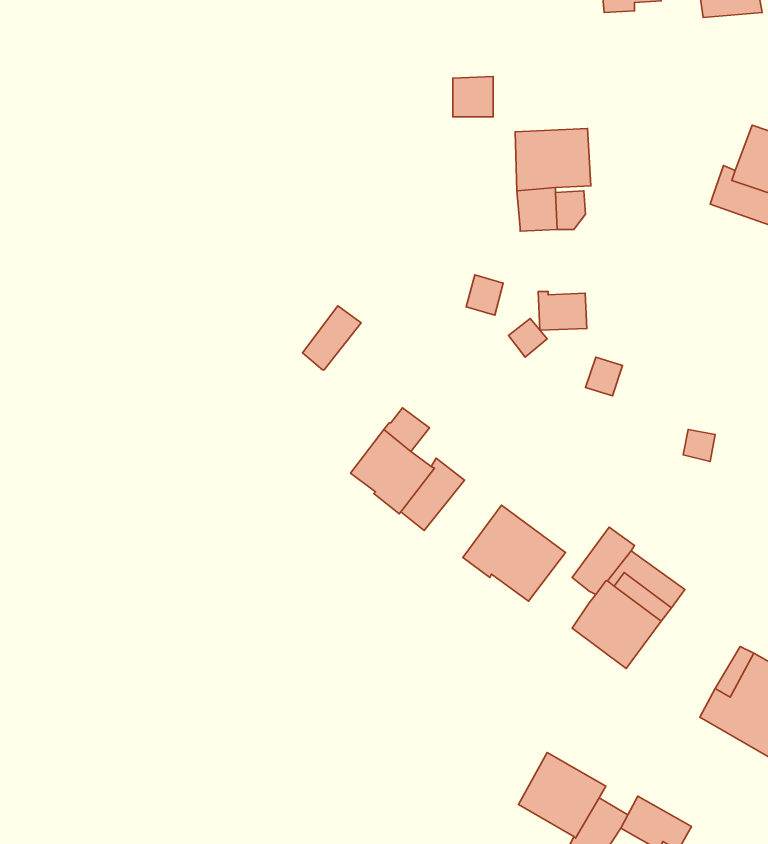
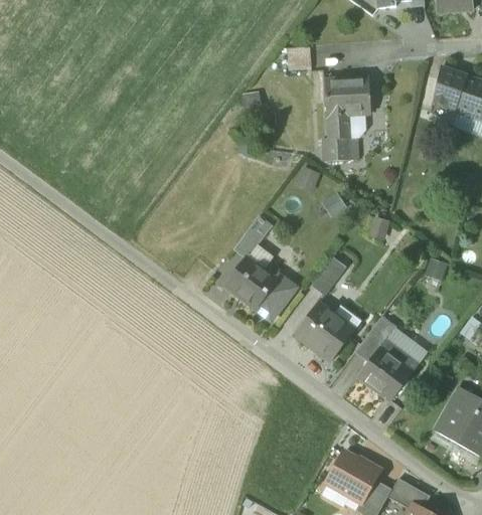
building: none -> [430,66,467,117]
building: [538,291,587,330] -> [322,137,351,160]
building: [302,306,361,370] -> [237,215,273,253]
building: none -> [312,256,346,296]

